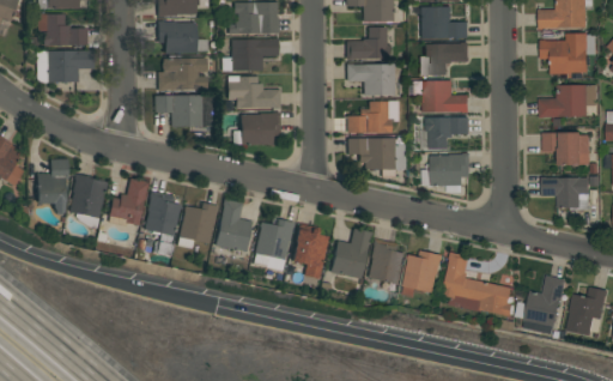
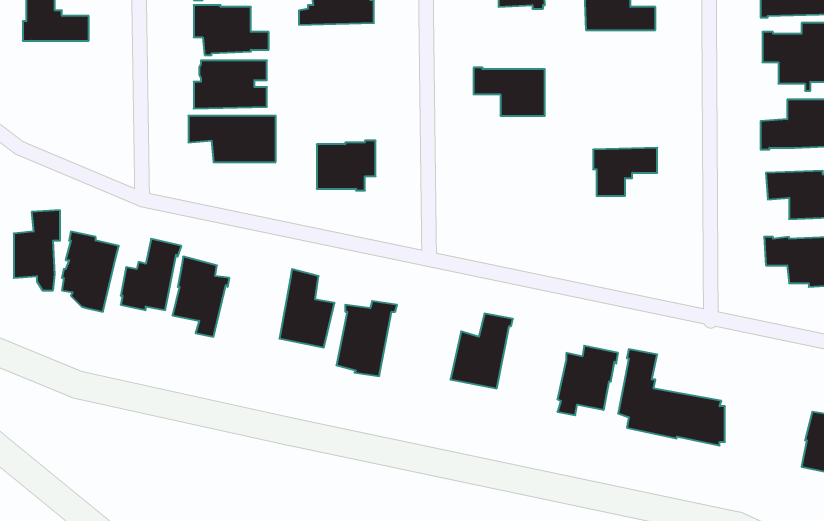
building: [346,28,389,60] -> none
building: [221,38,279,72] -> none
building: [420,43,469,75] -> none
building: [36,50,93,83] -> none
building: [227,77,280,109] -> none
building: [412,81,469,114] -> none
building: [347,101,399,133] -> none
building: [347,138,406,177] -> none
building: [423,153,471,193] -> none
building: [177,204,219,249] -> none
building: [292,224,329,279] -> none
building: [368,238,405,285] -> none
building: [523,276,566,335] -> none

